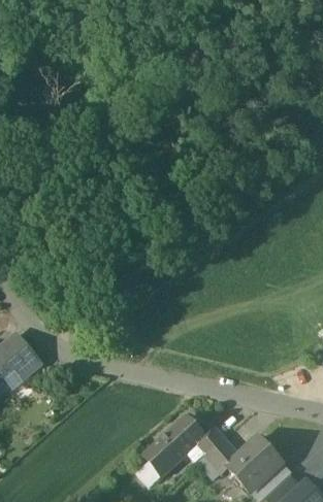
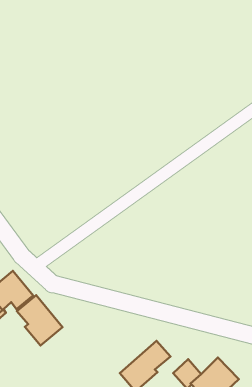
building: none -> [17,295,62,346]
building: [187,425,225,461] -> none

